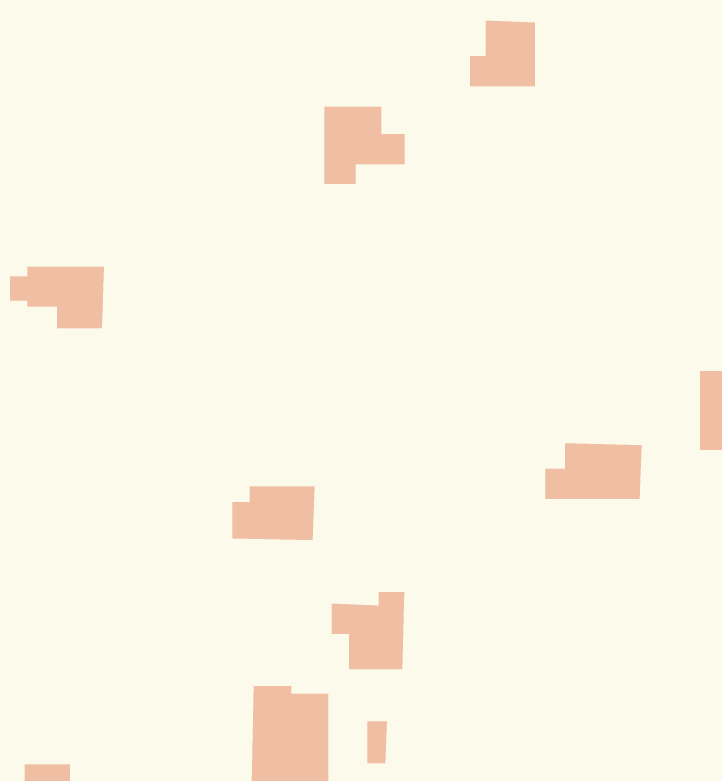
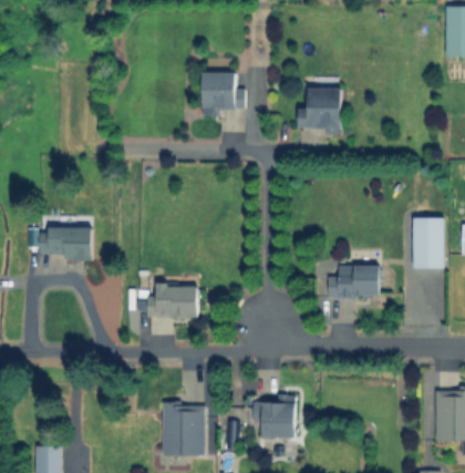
building: [469,20,536,87] -> [300,89,338,126]
building: [9,266,105,329] -> [40,227,94,263]
building: [331,592,405,670] -> [254,393,296,438]

